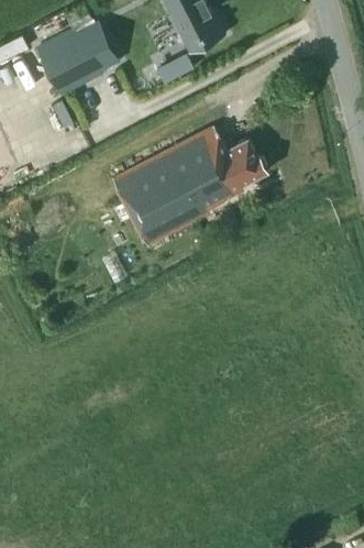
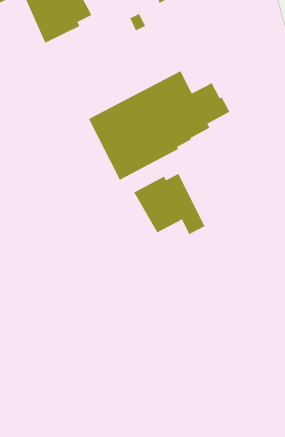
building: none -> [133,173,205,235]

